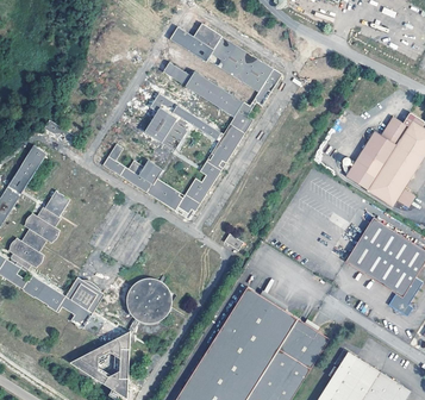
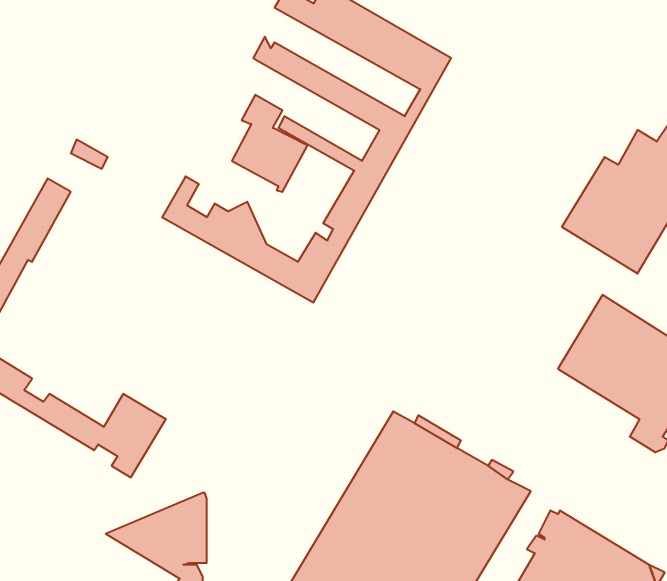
building: [8,190,70,270] -> none
building: [126,276,171,323] -> none

